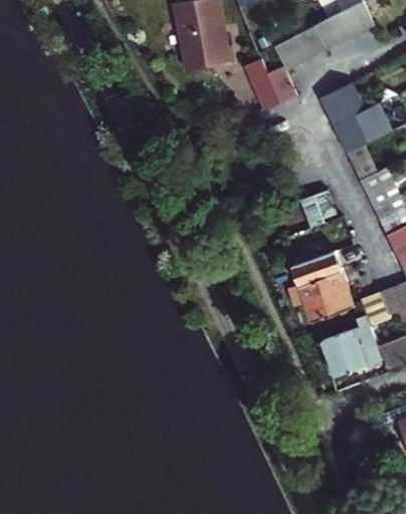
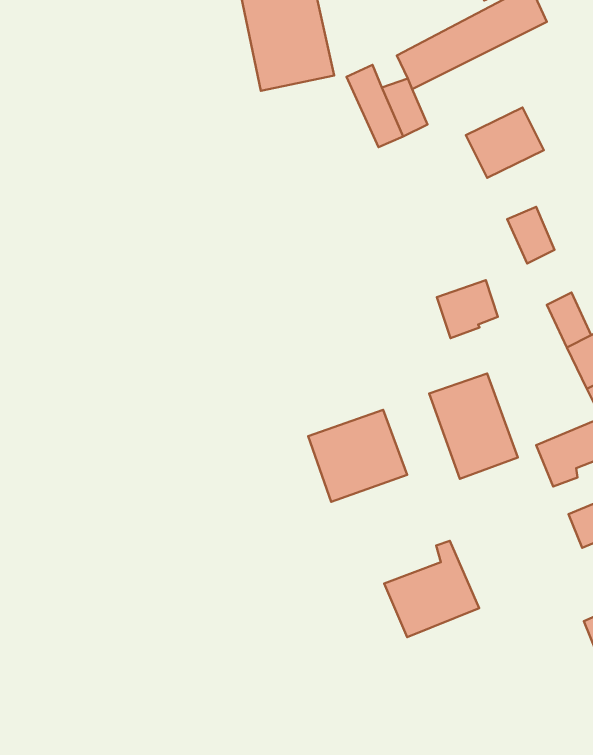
building: [334,104,393,154] -> none
building: [360,171,399,210] -> none
building: none -> [308,410,407,502]
building: [323,312,385,375] -> [384,541,479,637]

